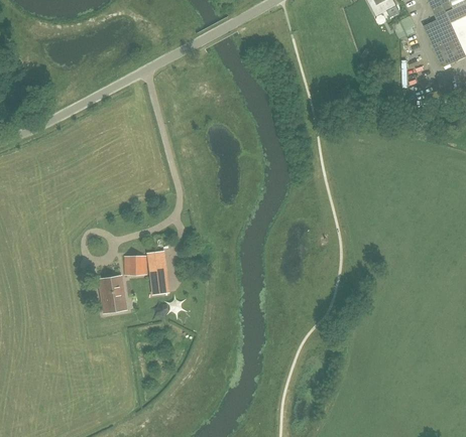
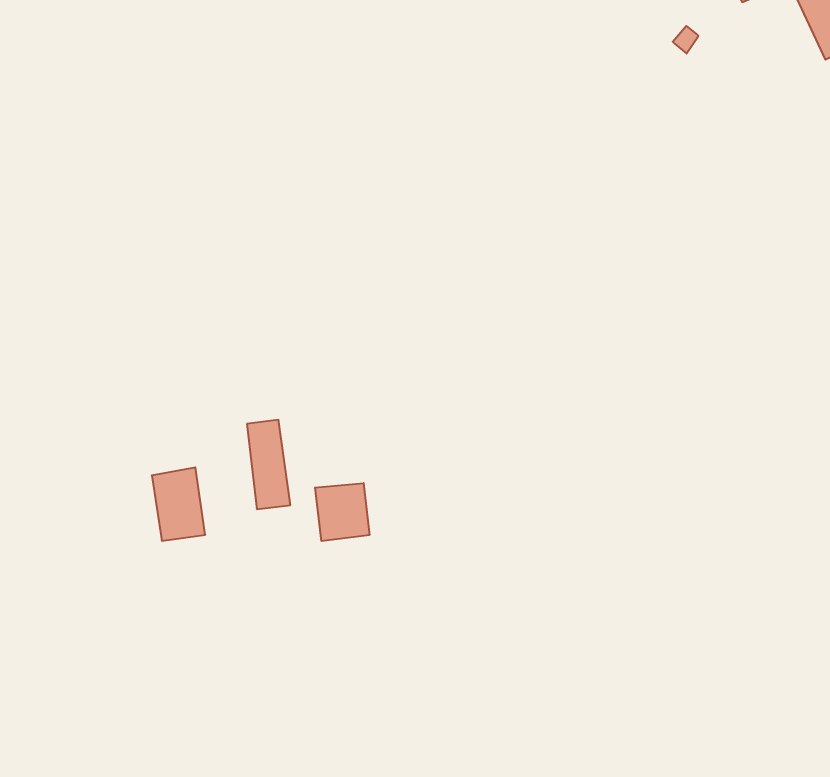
building: [126,256,147,274] -> none
building: none -> [315,483,369,541]

